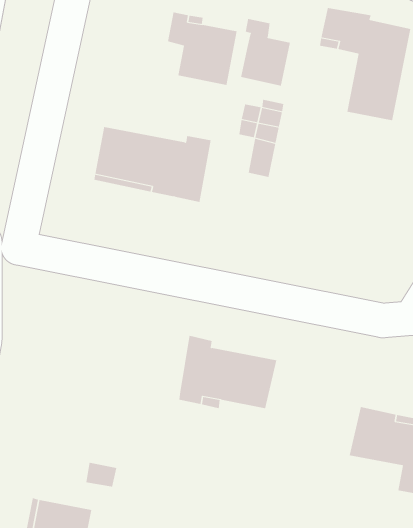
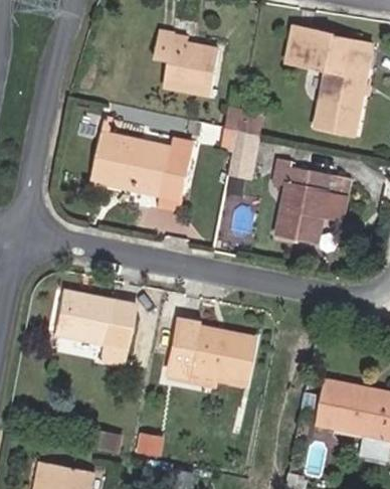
building: [240,18,290,87] -> none
building: none -> [271,156,351,242]
building: none -> [51,291,137,364]

